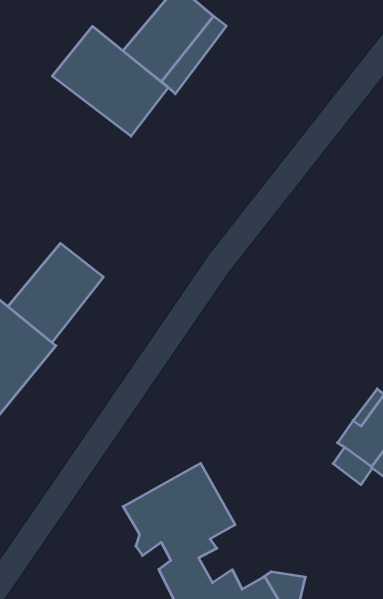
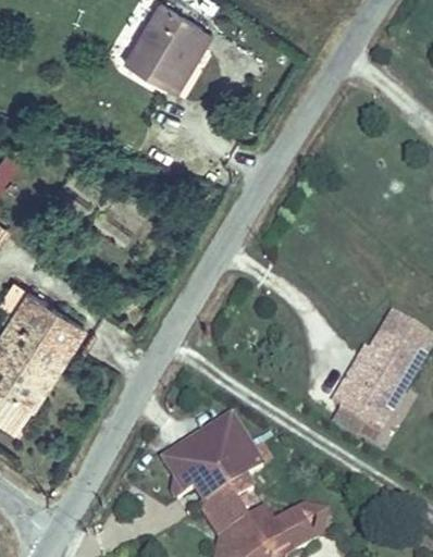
building: [52,26,168,136] -> none
building: [8,243,103,343] -> none

